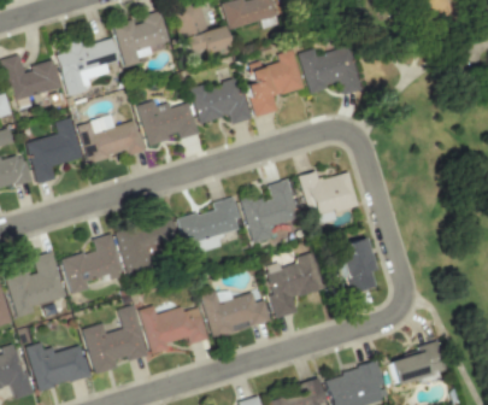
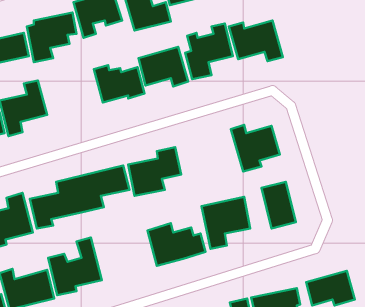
building: [77,115,145,162] -> none
building: [240,178,298,242] -> none
building: [140,305,207,353] -> none

